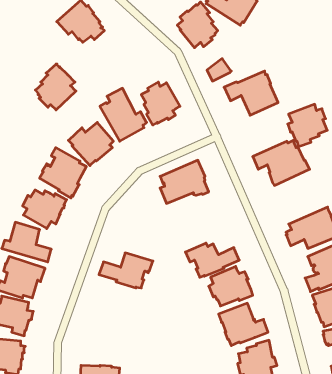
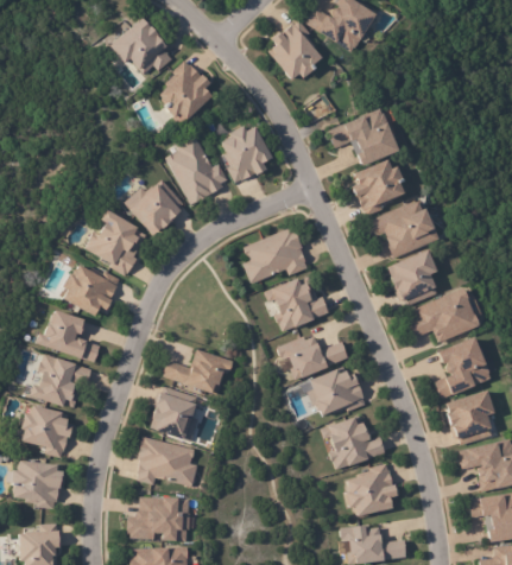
building: [35,64,76,110] -> [156,57,209,118]
building: [288,104,327,147] -> [353,159,405,215]
building: none -> [387,249,437,306]
building: none -> [265,275,329,331]
building: none -> [150,386,198,442]
building: none -> [137,436,198,487]

